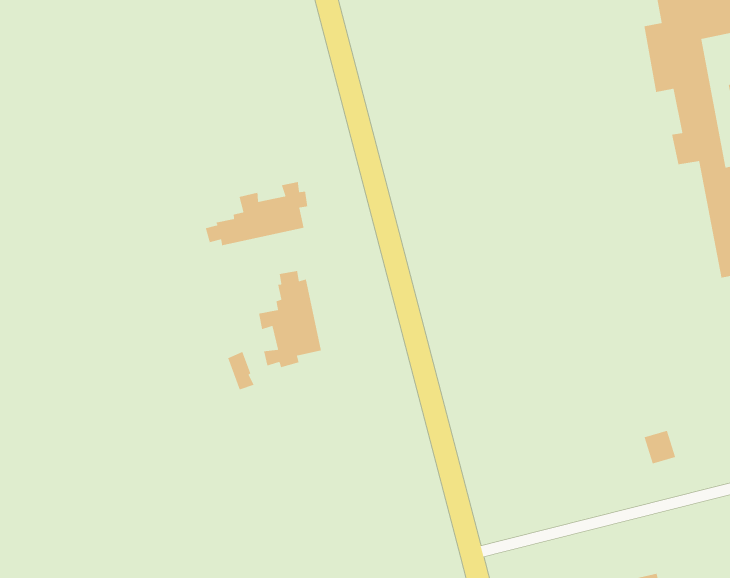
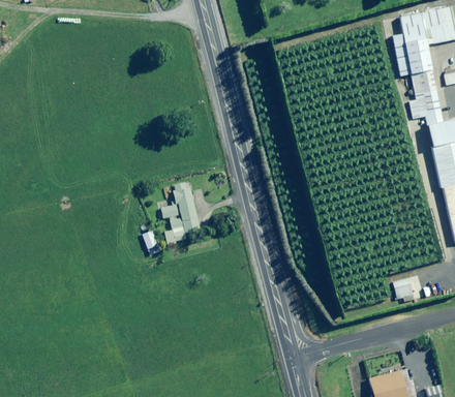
building: [205,181,308,246] -> none

